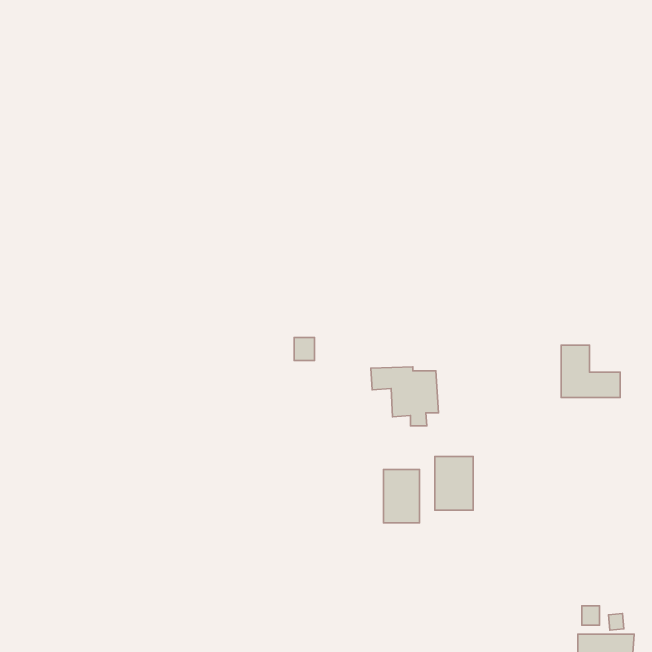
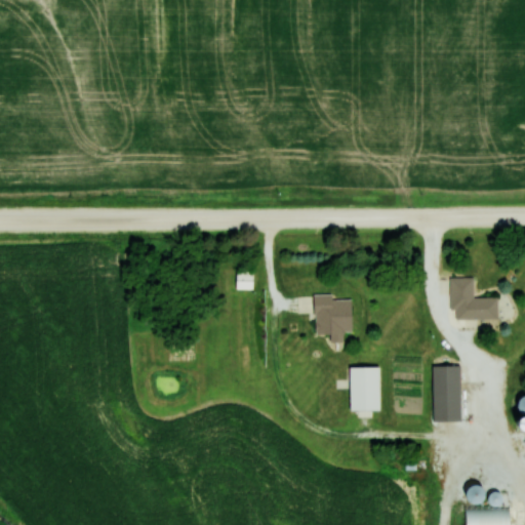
building: none -> [432,367,461,422]
building: [384,469,420,523] -> none

